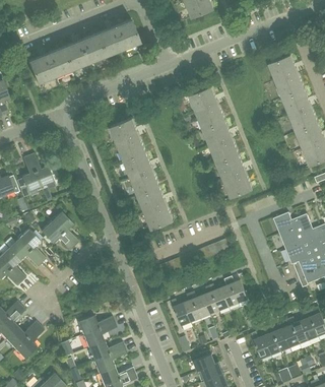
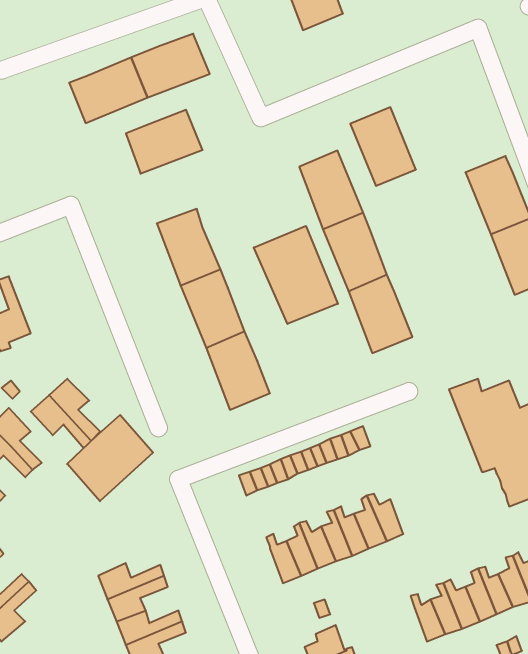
building: [27,48,70,83] -> [126,110,203,174]
building: [267,54,304,98] -> [350,107,416,186]
building: none -> [254,226,338,324]
building: [27,153,60,187] -> none
building: none -> [67,415,153,501]

